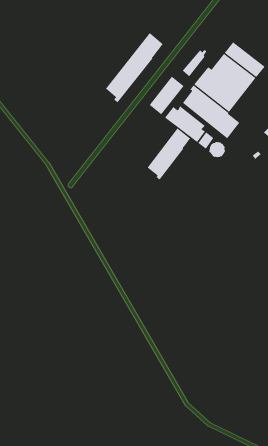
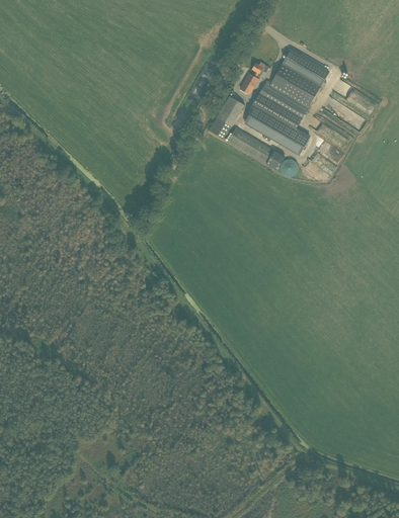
building: [105,32,164,103] -> none
building: [147,127,191,181] -> none

